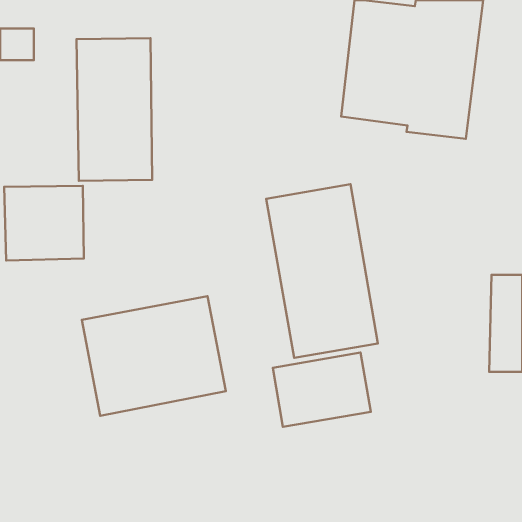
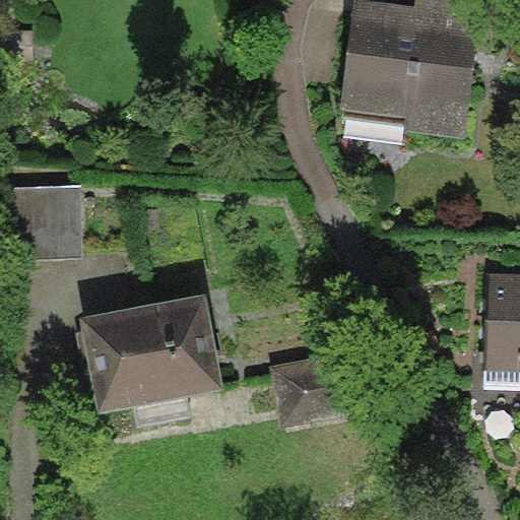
building: [76,38,152,181] -> none
building: [266,184,378,358] -> none

